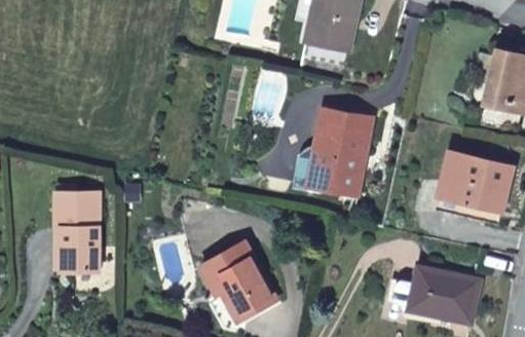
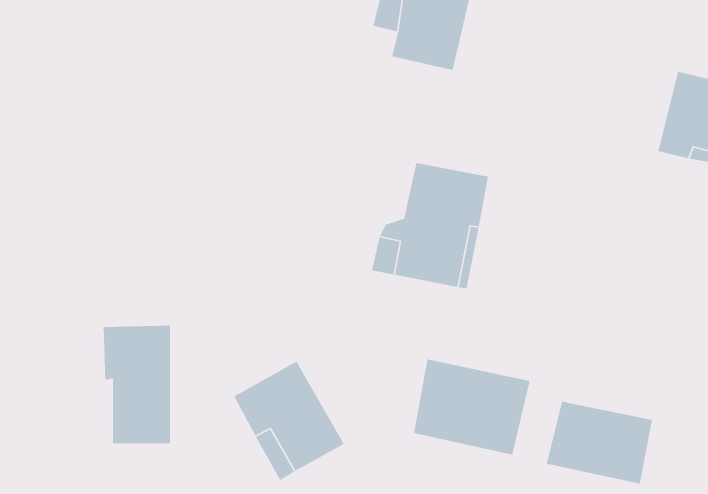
building: [437,151,513,224] -> none
building: [54,190,100,269] -> [103,325,171,444]
building: none -> [413,358,530,456]

